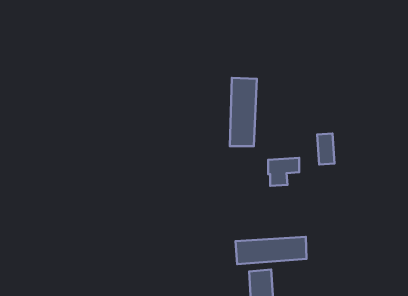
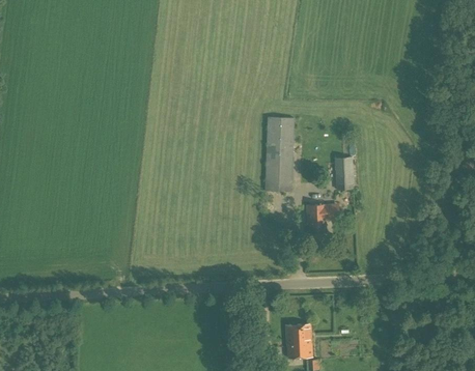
building: [317,133,335,164] -> [335,156,354,190]
building: [236,237,306,264] -> none

